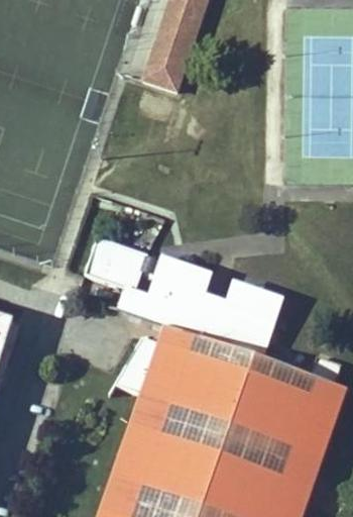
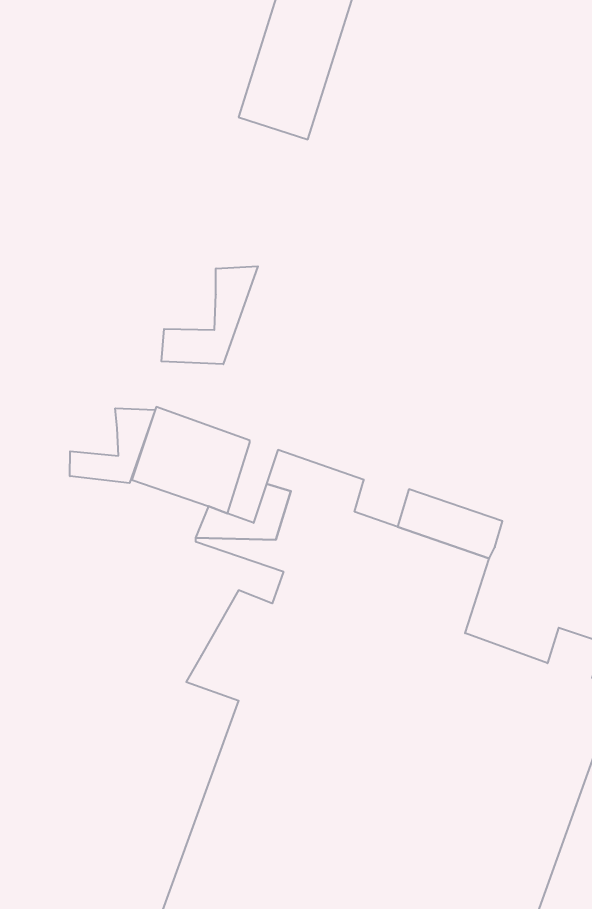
building: none -> [161,266,258,364]
building: none -> [70,408,155,483]

